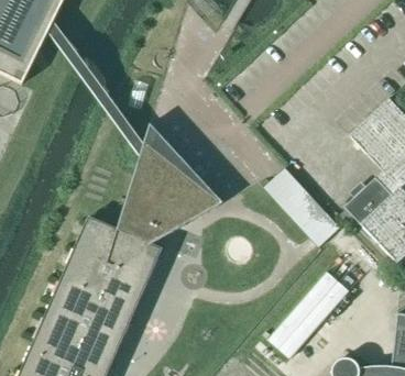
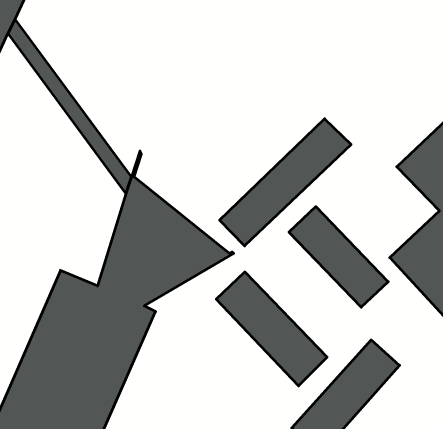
building: none -> [220,119,351,246]
building: none -> [216,272,327,386]

